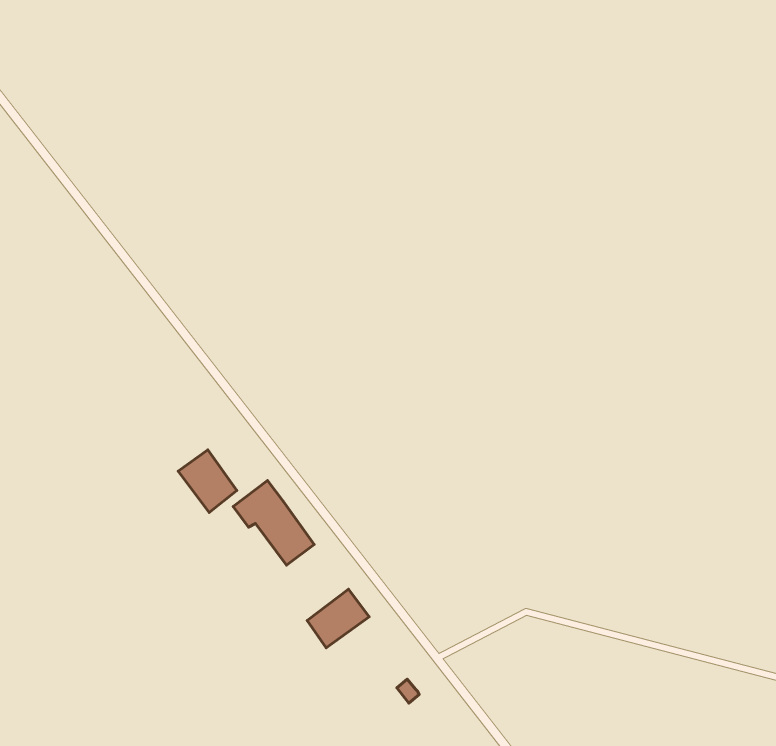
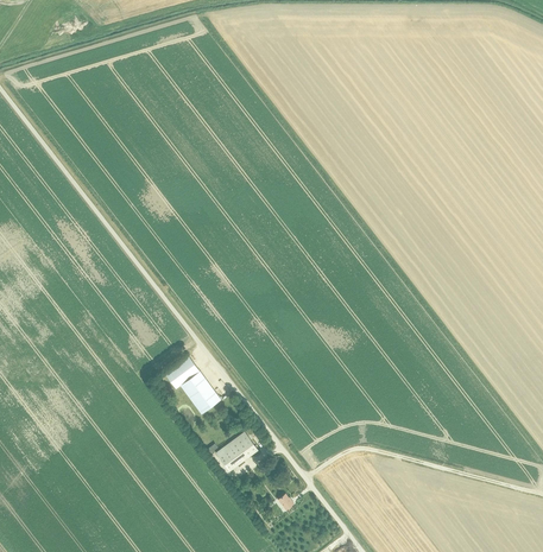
building: [178,450,237,512] -> none

